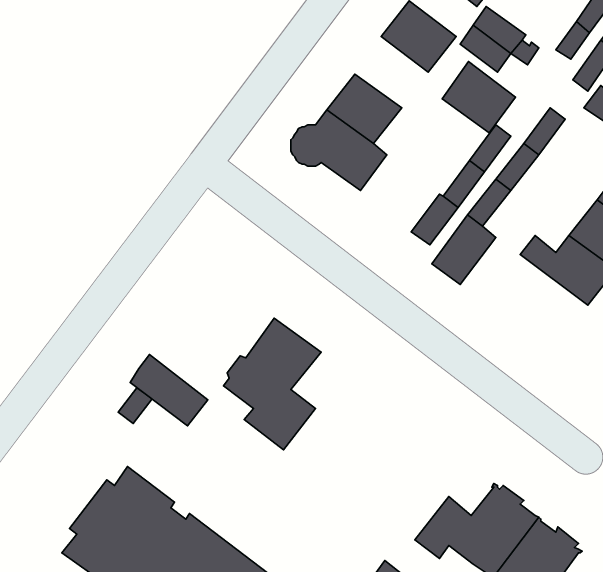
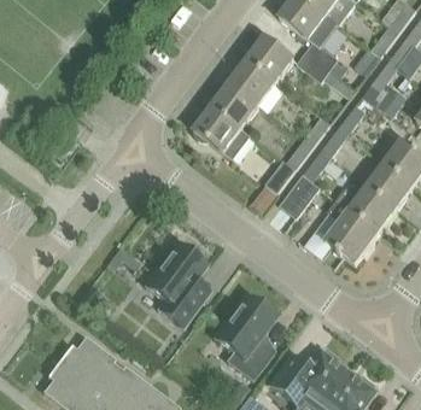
building: [442,61,515,133] -> [229,59,276,105]
building: none -> [324,199,379,265]
building: [130,354,208,426] -> none
building: none -> [214,293,276,377]

